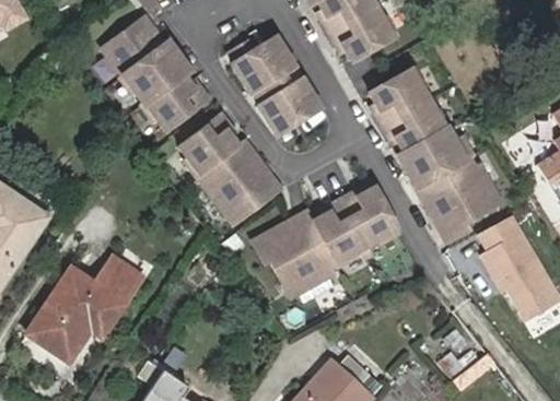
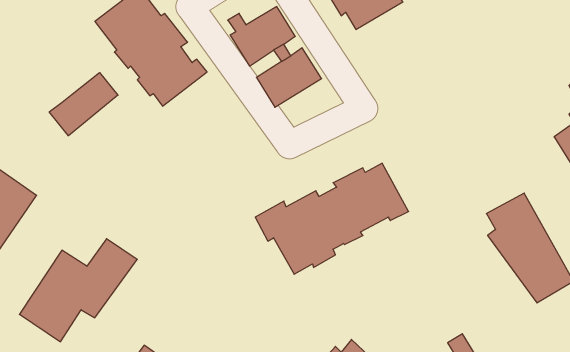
building: [368,66,499,238] -> none
building: none -> [49,73,118,136]
building: [177,114,280,222] -> none

